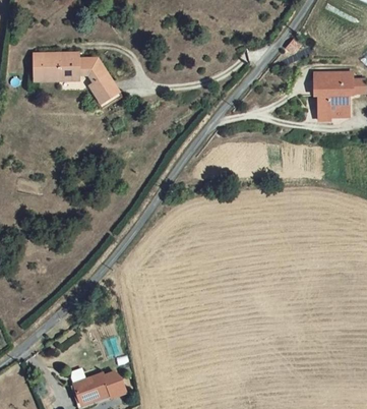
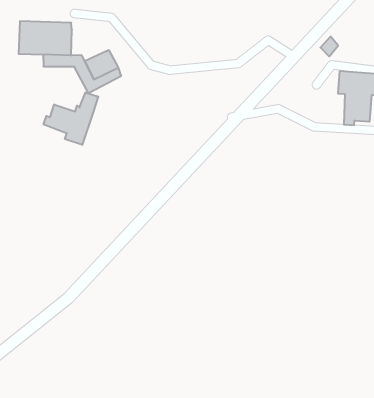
building: [70,49,102,77] -> none
building: none -> [44,92,98,145]

